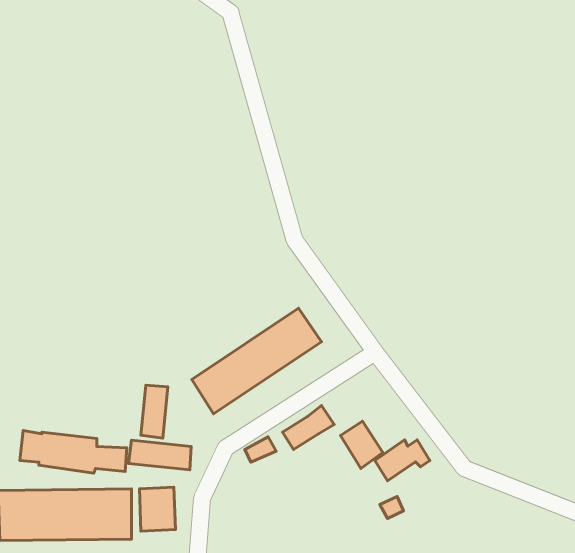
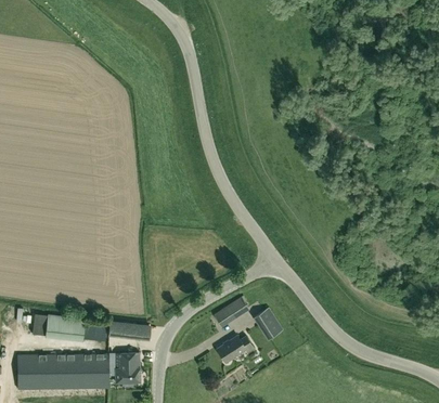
building: [192,308,322,414] -> none
building: [141,385,168,438] -> none
building: [375,440,430,481] -> [217,336,255,364]

